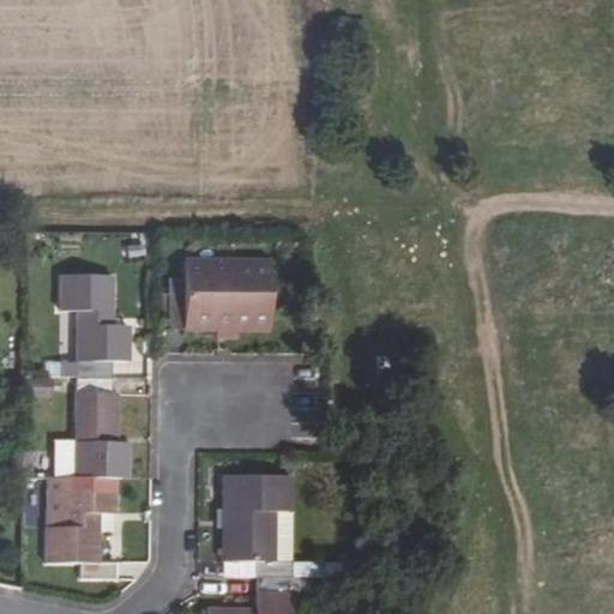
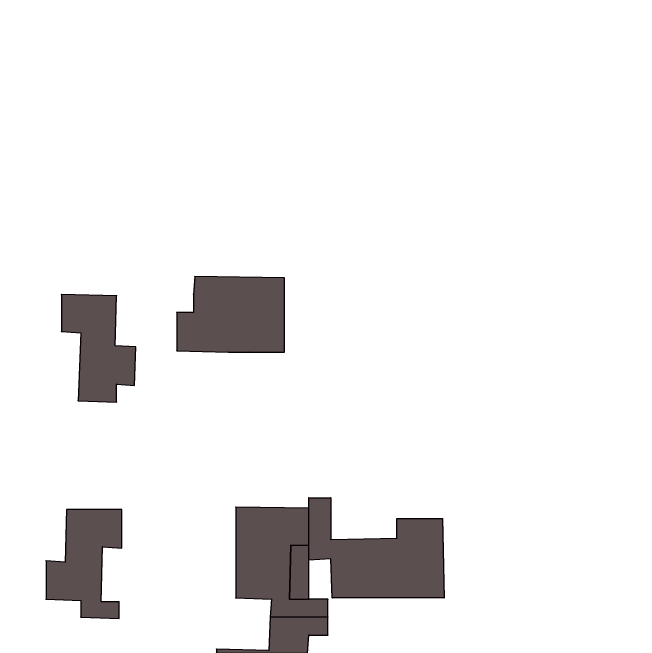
building: [76,375,128,478] -> none
building: none -> [309,498,444,598]

